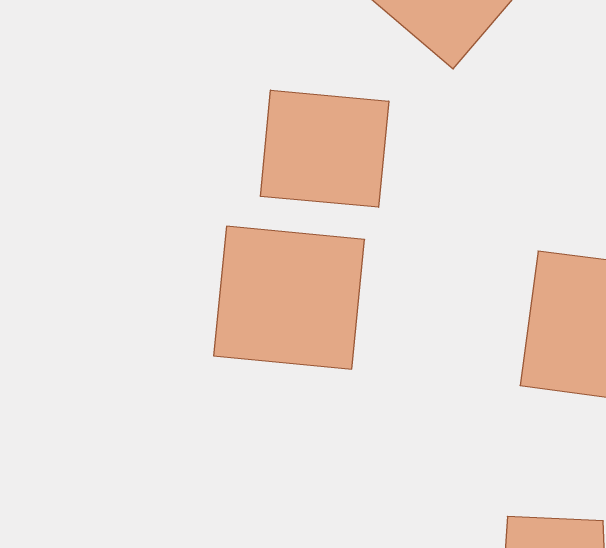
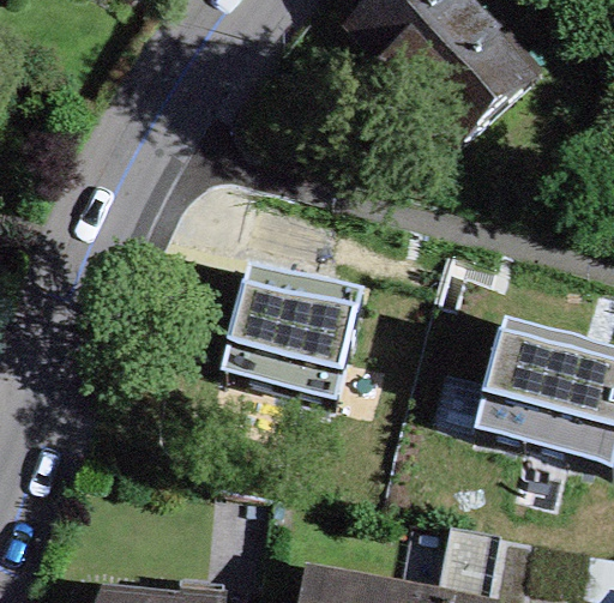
building: [260,90,389,207] -> none

